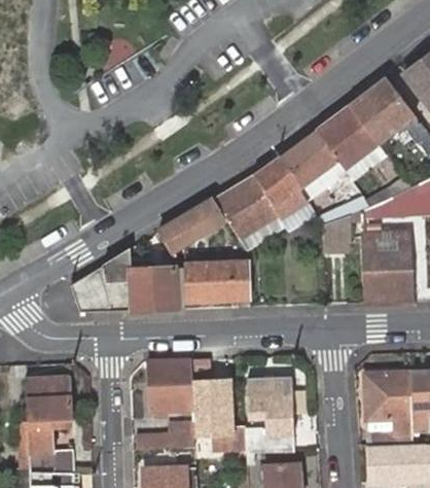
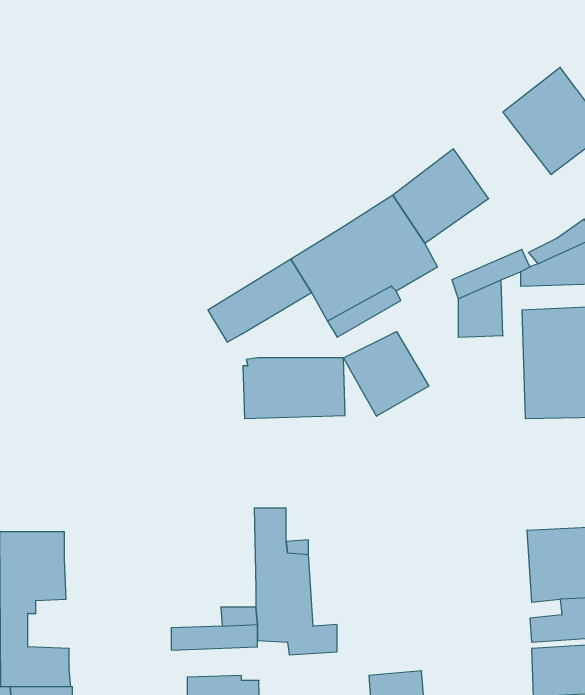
building: [319,104,382,169] -> none
building: none -> [343,332,429,416]
building: [71,250,185,311] -> none
building: [146,359,191,412] -> none
building: [244,375,294,452] -> none

